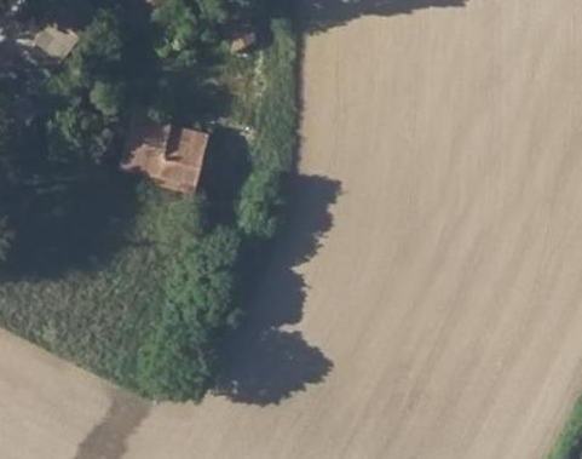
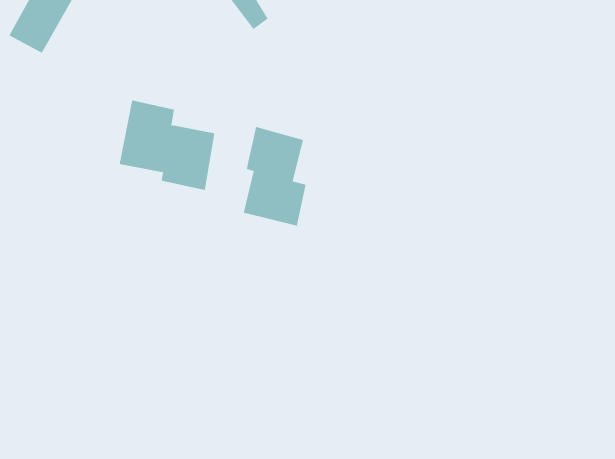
building: none -> [243,126,306,226]

